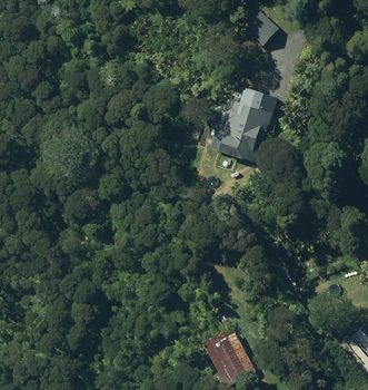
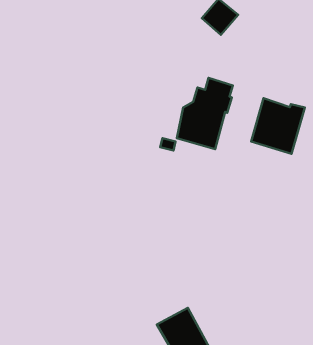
building: none -> [251,98,305,154]

